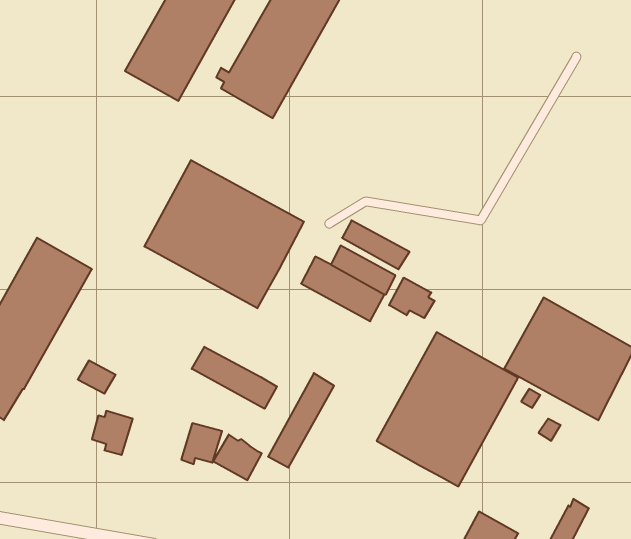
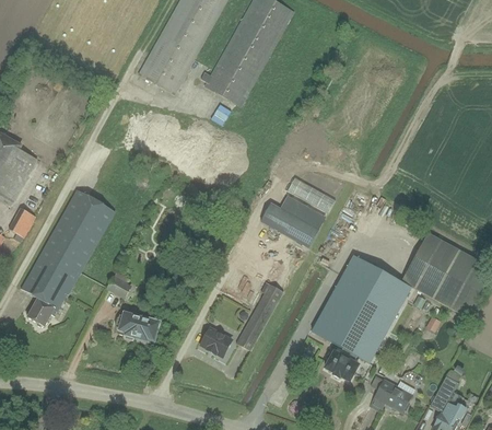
building: [144,160,304,308] -> none
building: [389,278,435,318] -> none
building: [192,347,277,409] -> none
building: [181,423,222,464] -> [136,315,164,344]
building: none -> [325,349,358,381]

